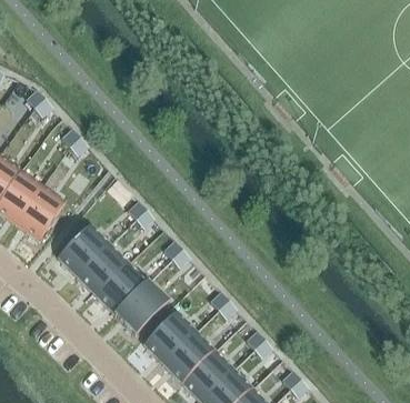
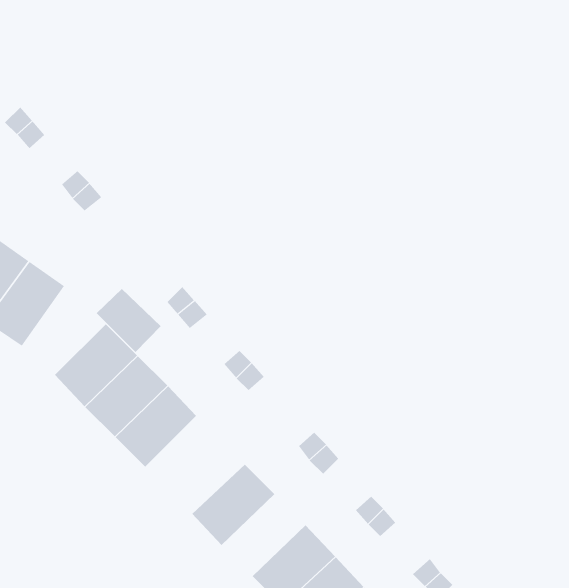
building: none -> [96,288,161,353]
building: [114,282,167,334] -> none
building: [162,331,214,382] -> none

